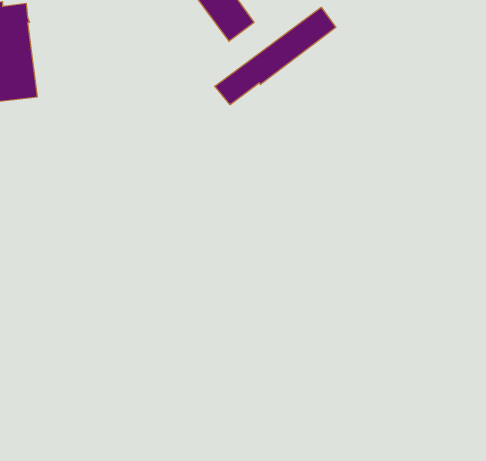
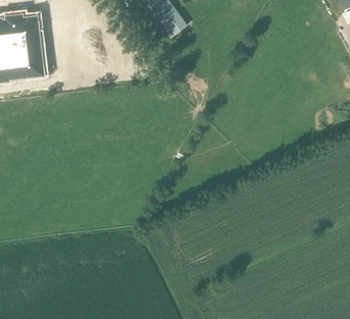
building: [215,7,336,105] -> none

